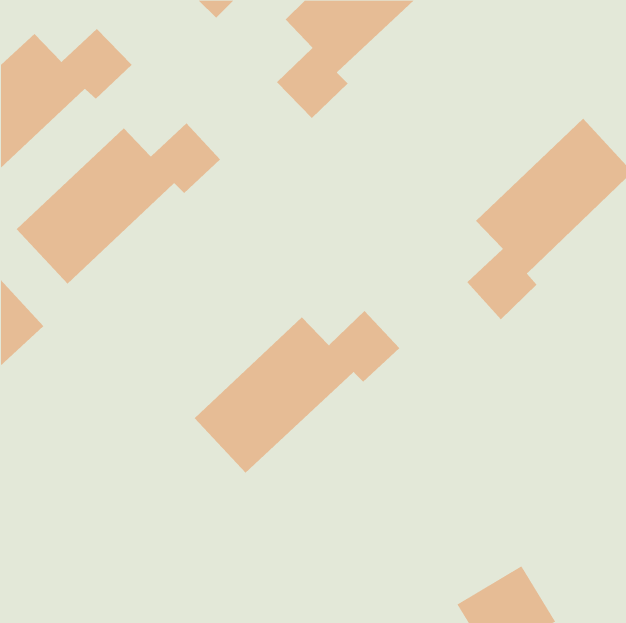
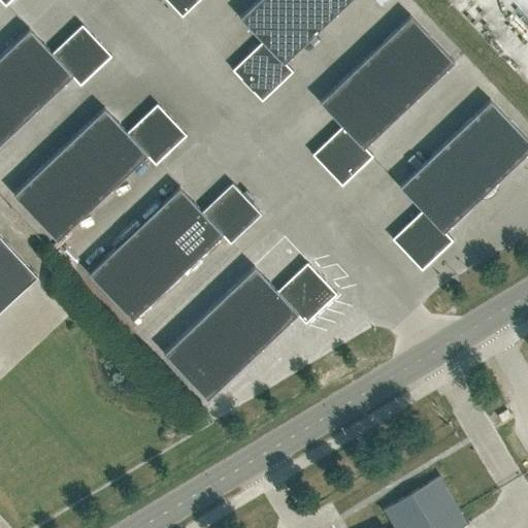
building: none -> [312,18,455,188]
building: none -> [89,185,262,322]

